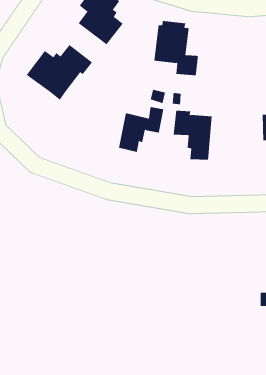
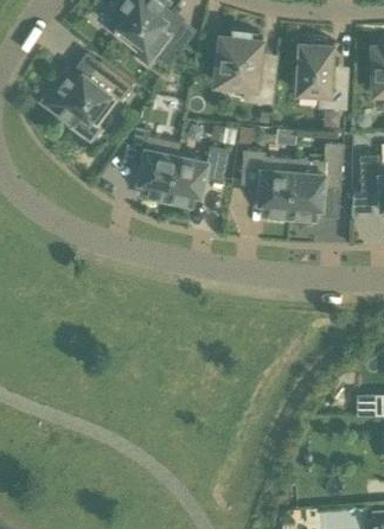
building: none -> [296,39,347,111]
building: none -> [123,128,179,203]
building: none -> [288,144,344,222]

